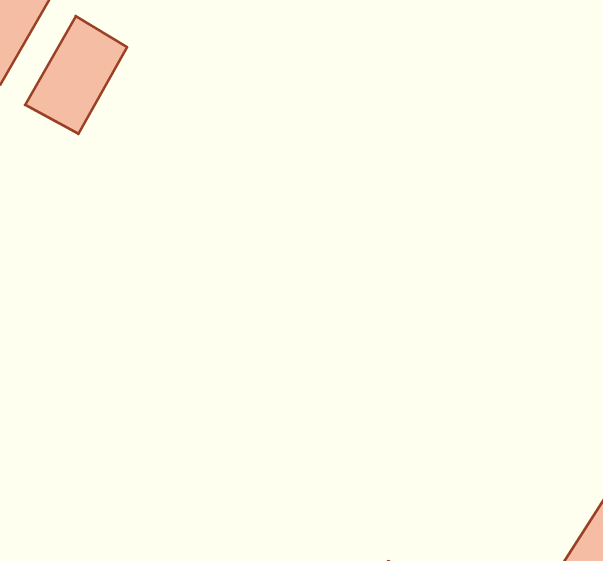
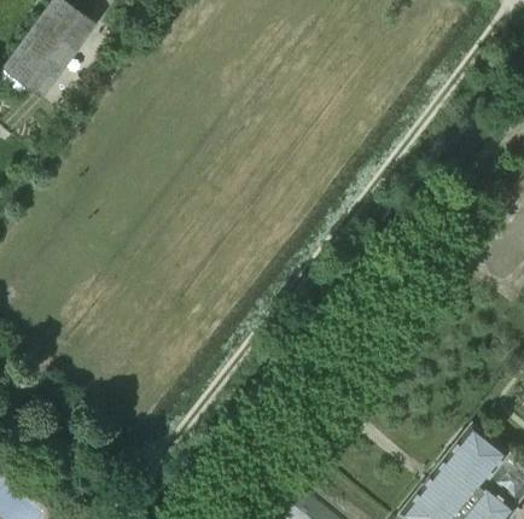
building: [25,16,127,134] -> none

